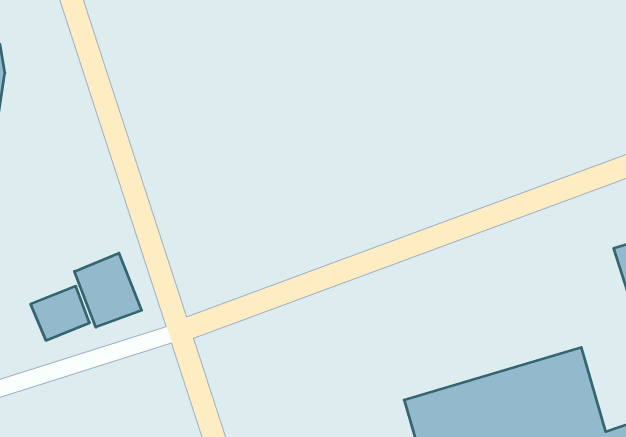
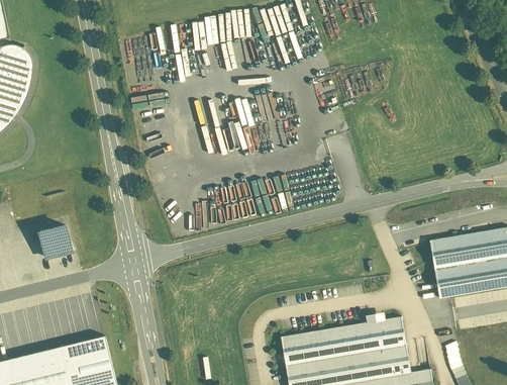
building: [74,253,142,327] -> none

